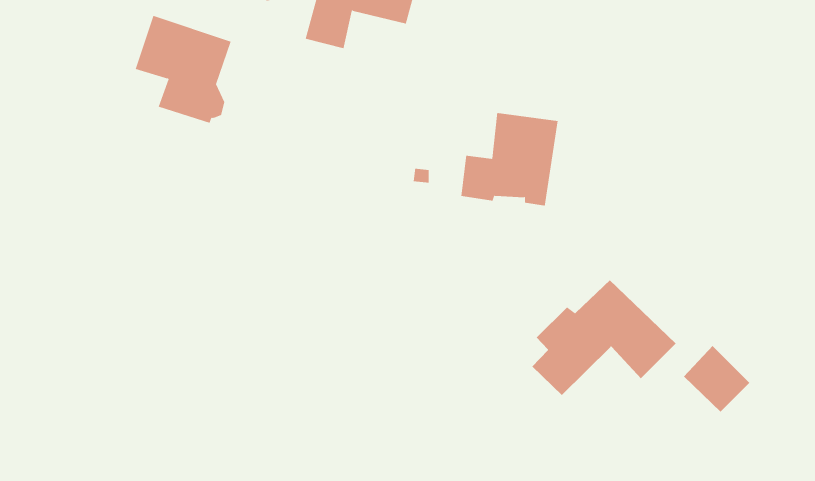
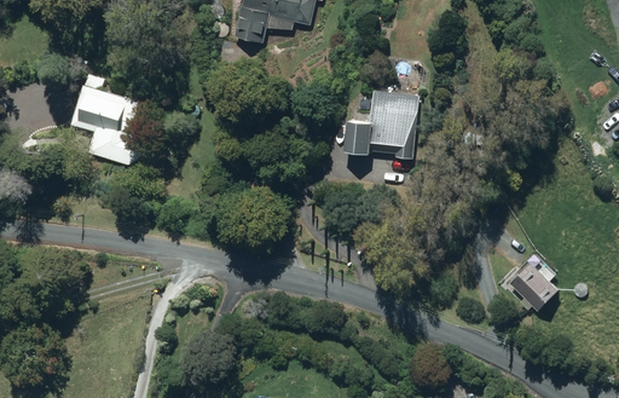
building: [135,15,232,123] -> [71,85,143,165]
building: [531,280,676,396] -> none

